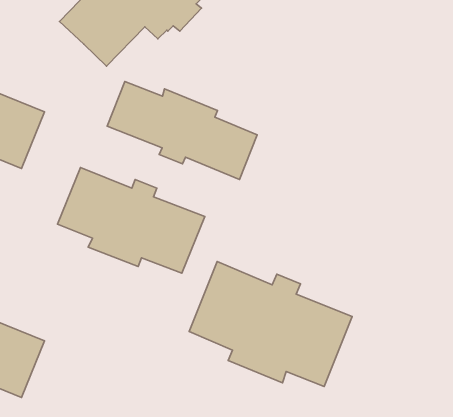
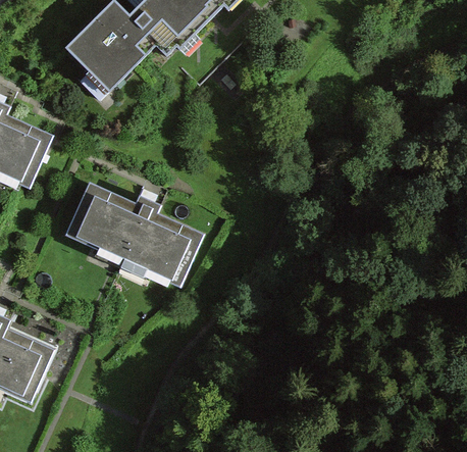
building: [107,82,257,180] -> none
building: [189,262,352,386] -> none

